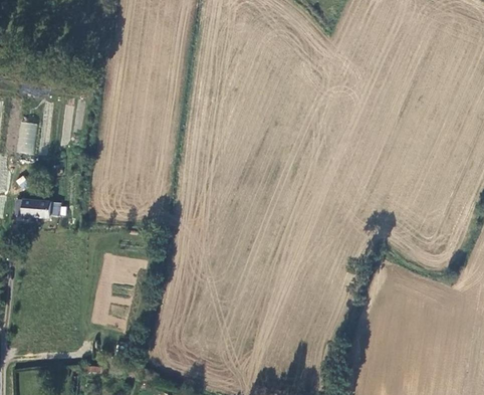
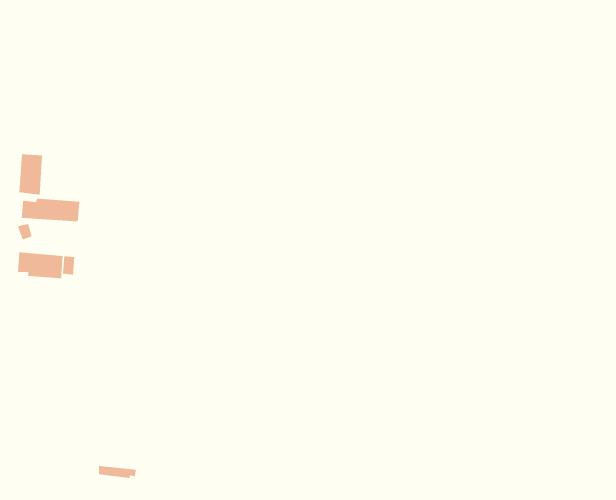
building: none -> [21,198,80,222]

